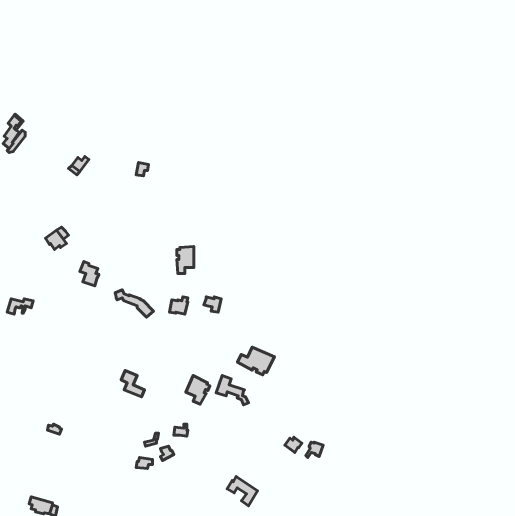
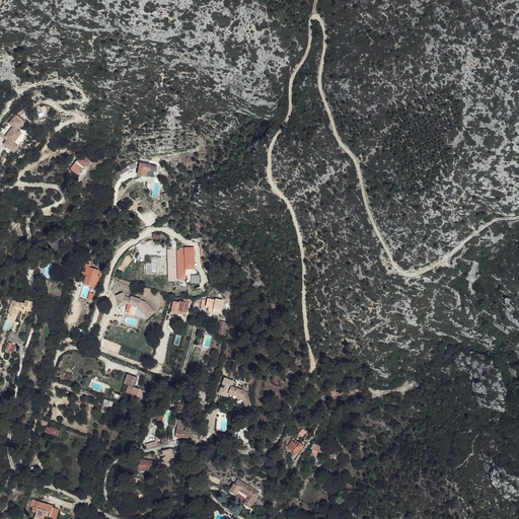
building: [238,347,274,375] -> none
building: [186,376,210,404] -> none

